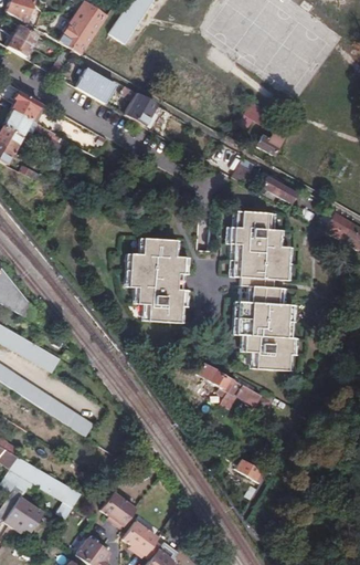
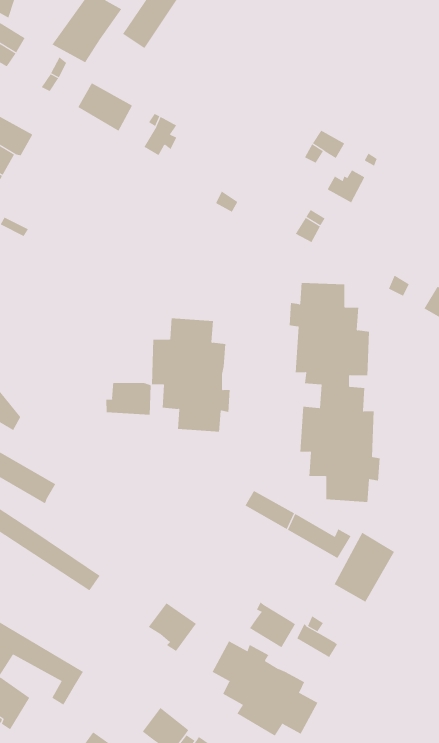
building: [260,175,296,203] -> none
building: none -> [106,382,151,416]
building: none -> [334,532,395,602]
building: none -> [249,602,296,648]
building: none -> [212,640,318,736]
building: [100,491,136,526] -> [148,602,197,651]

